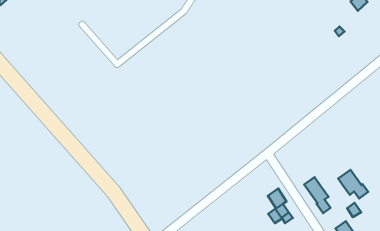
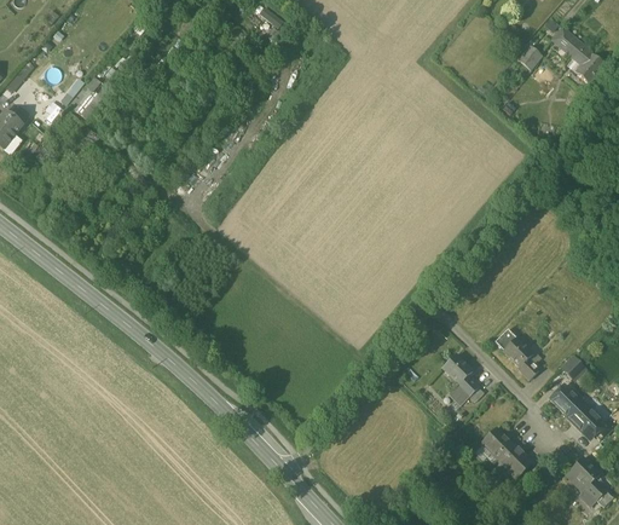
building: [338,170,368,198] -> none

